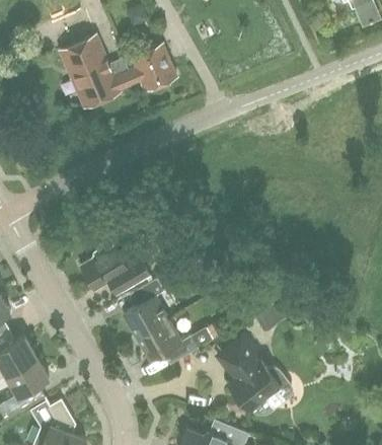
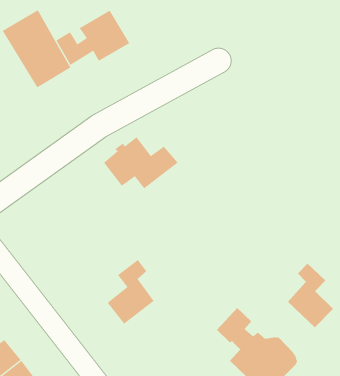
building: [80,246,150,296] -> [103,136,178,189]
building: none -> [287,263,334,328]
building: [136,319,212,361] -> none

